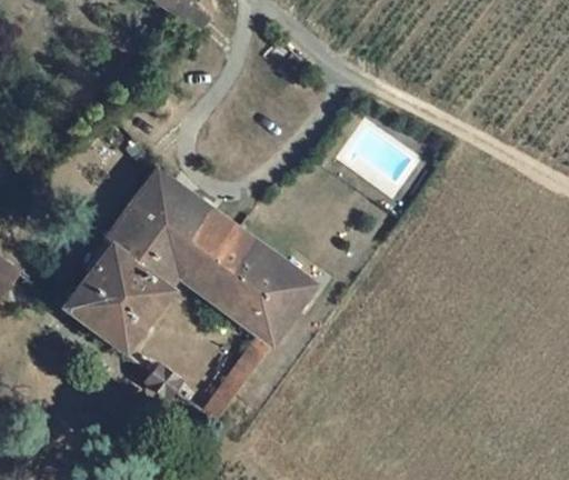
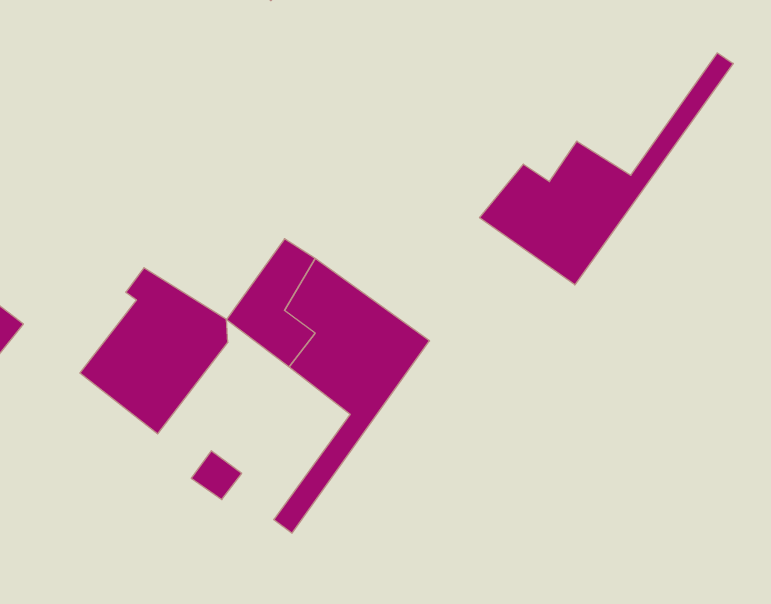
building: none -> [480,53,733,285]
building: [109,170,211,268] -> none

